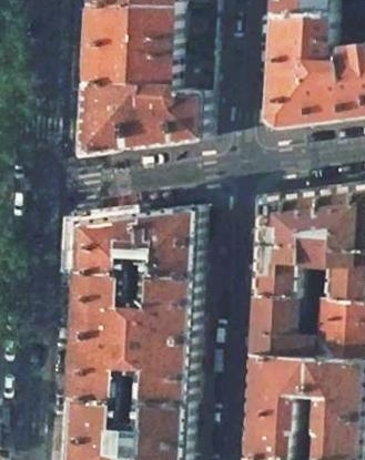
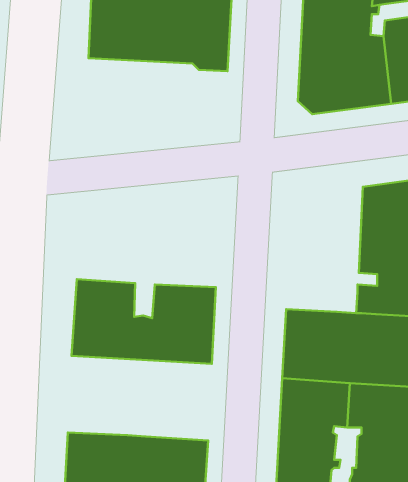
building: [79,79,202,152] -> none
building: [252,188,317,296] -> none
building: [73,204,195,274] -> none
building: [65,333,189,405] -> none

